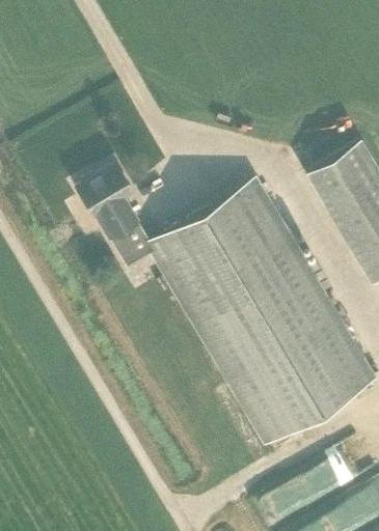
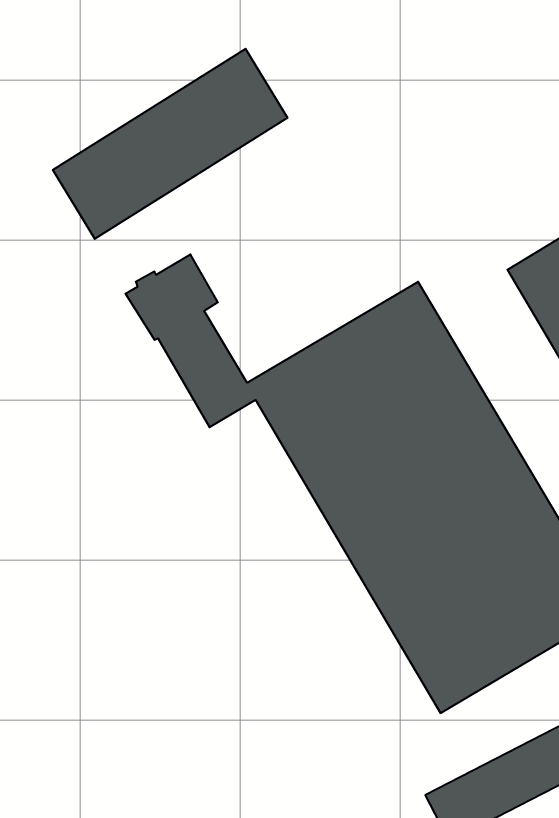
building: none -> [53,49,287,239]

